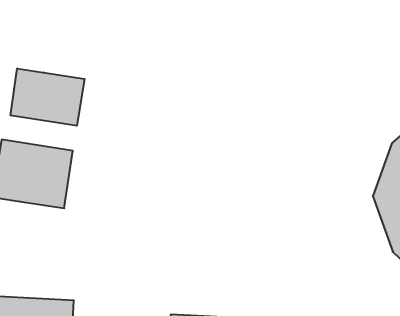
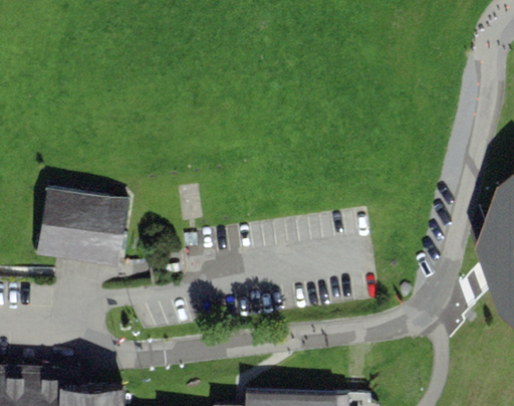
building: [10,68,85,126] -> none

